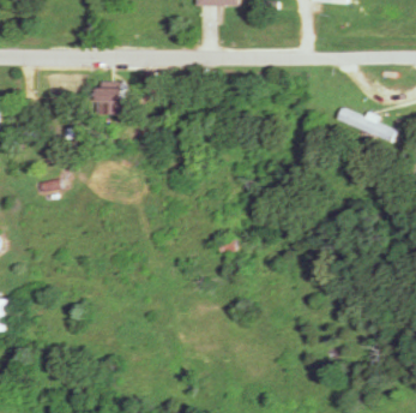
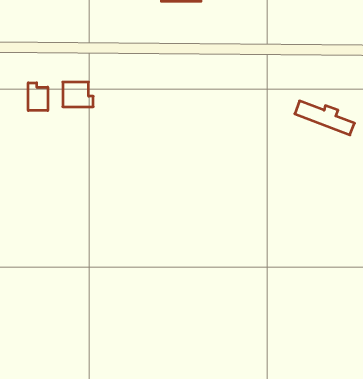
building: none -> [28,83,48,111]

